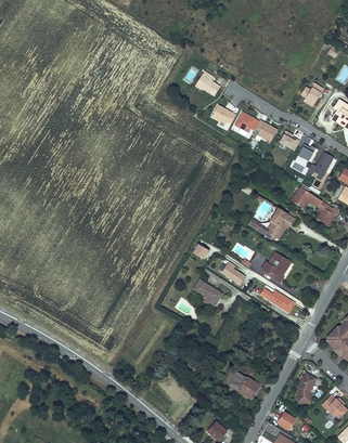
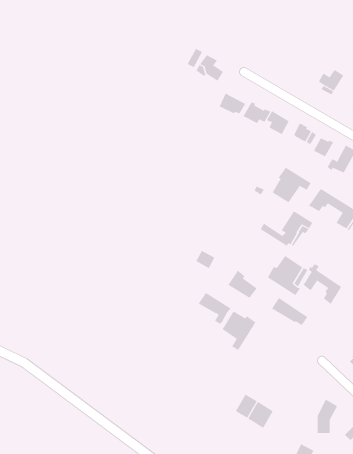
building: none -> [272,167,311,203]
building: none -> [303,263,342,305]
building: none -> [222,311,256,351]

